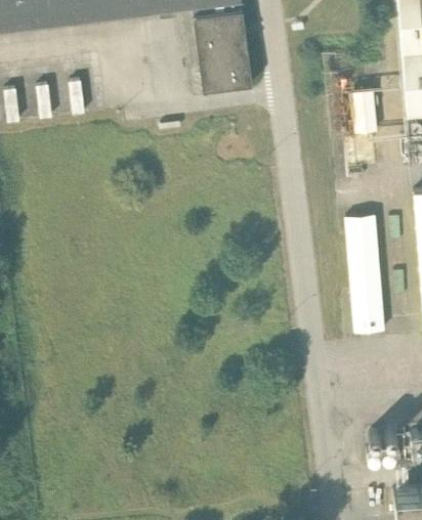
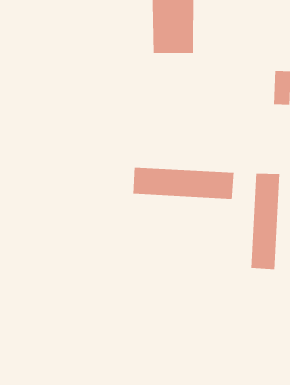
building: none -> [133,167,234,200]

